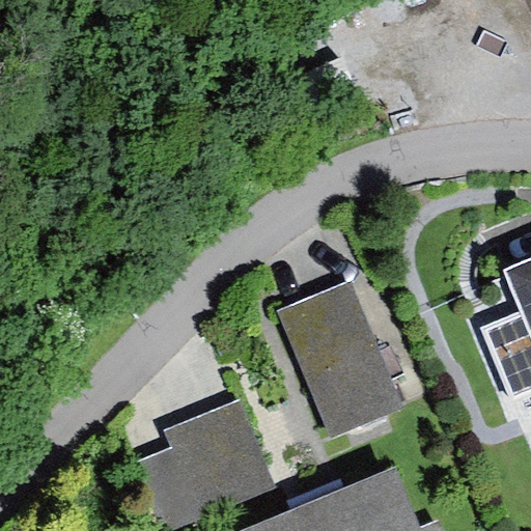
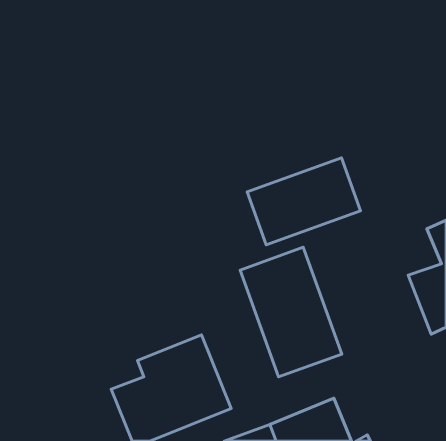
building: none -> [247,158,361,245]

